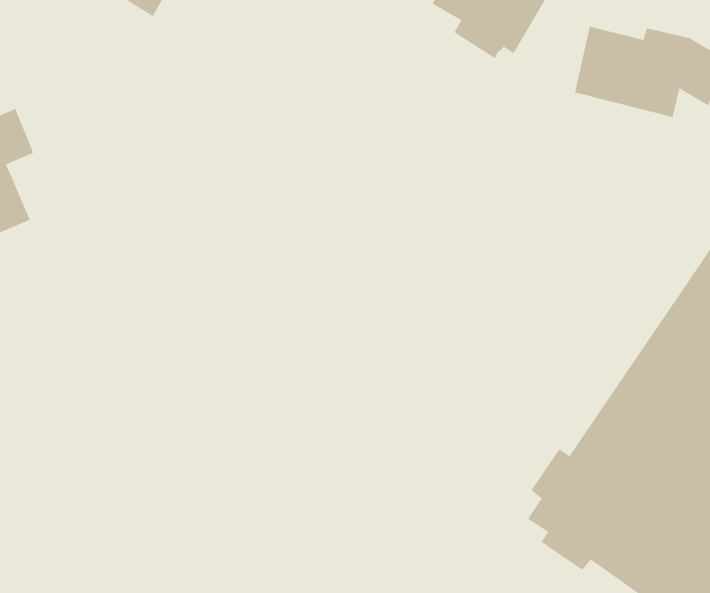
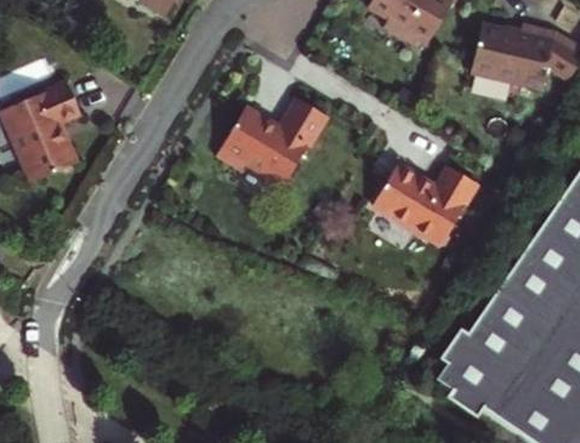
building: none -> [217,98,328,186]
building: none -> [374,163,478,245]

